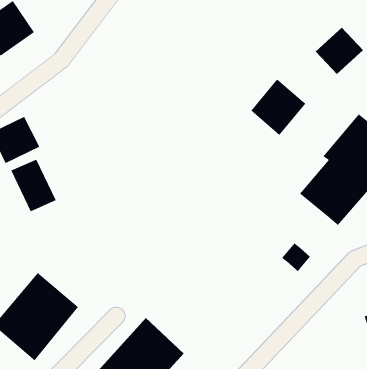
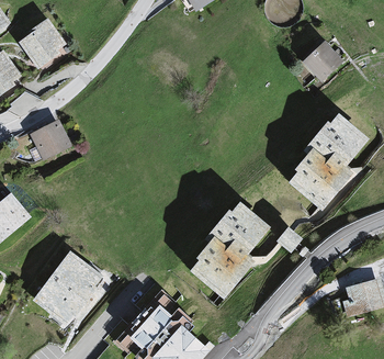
building: [250,79,306,136] -> none
building: [10,159,56,212] -> none
building: none -> [190,204,273,295]

